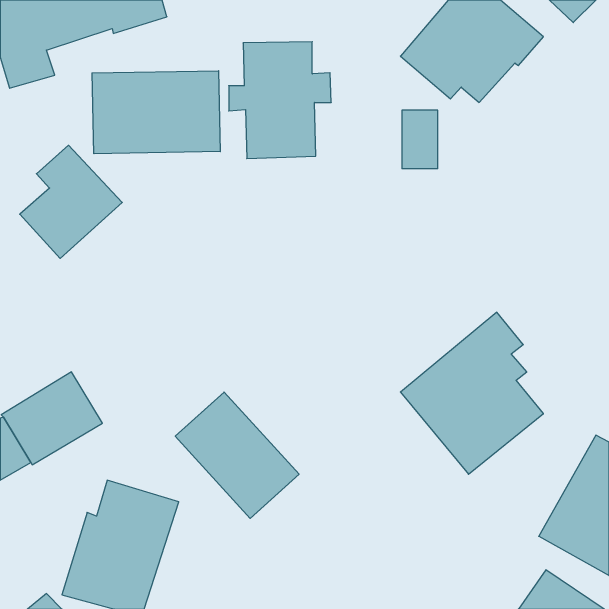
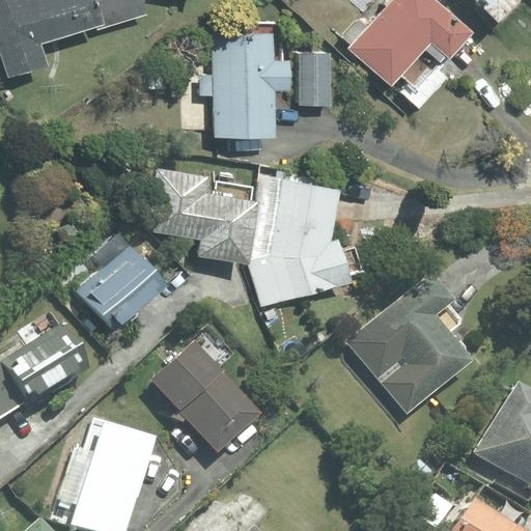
building: [92,71,220,154] -> none
building: [402,110,438,169] -> [299,54,330,105]
building: [20,145,122,258] -> [77,232,166,331]
building: none -> [150,171,255,262]
building: none -> [248,181,360,307]

